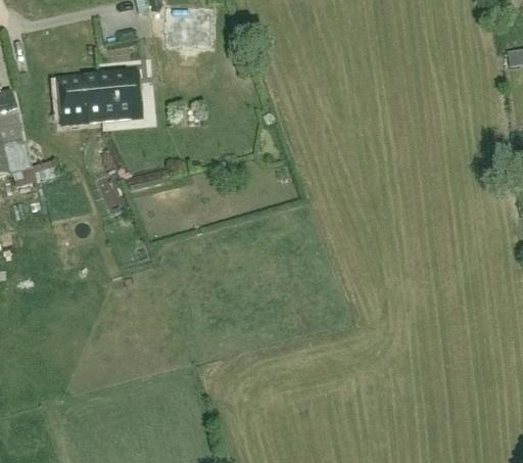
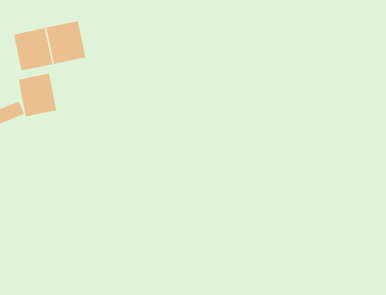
building: none -> [18,73,57,117]

